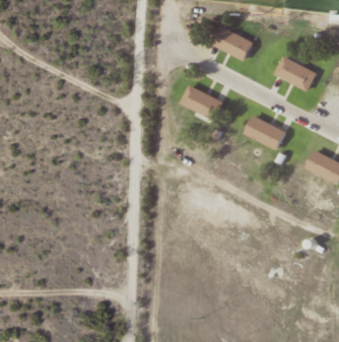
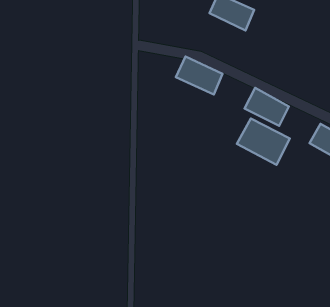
building: [274,56,318,91] -> none
building: none -> [237,119,290,165]

